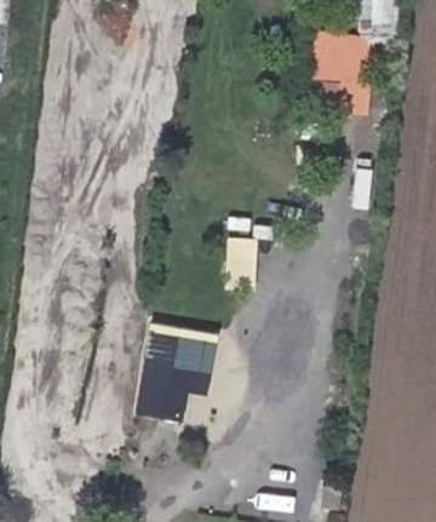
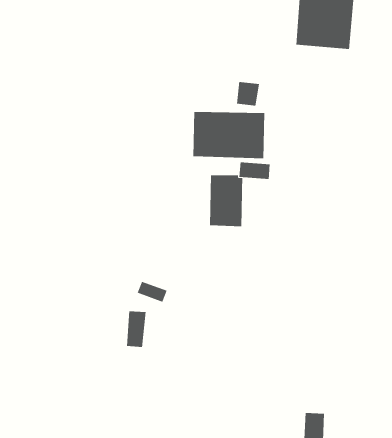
building: none -> [193,111,265,159]

